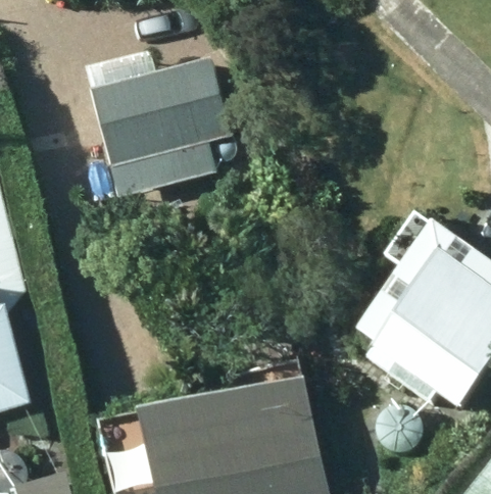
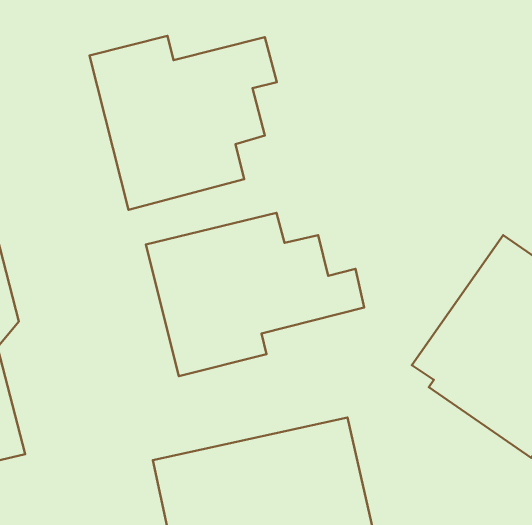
building: none -> [146,213,364,376]

